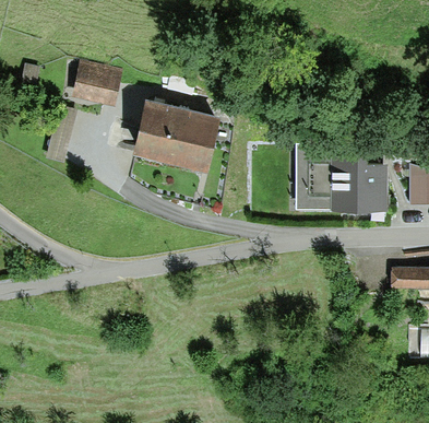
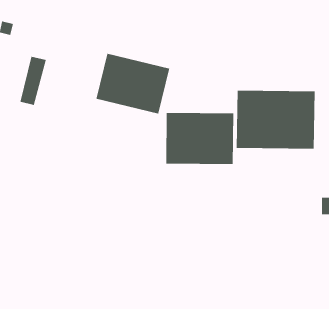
building: [71,60,123,108] -> none
building: none -> [166,112,234,165]

